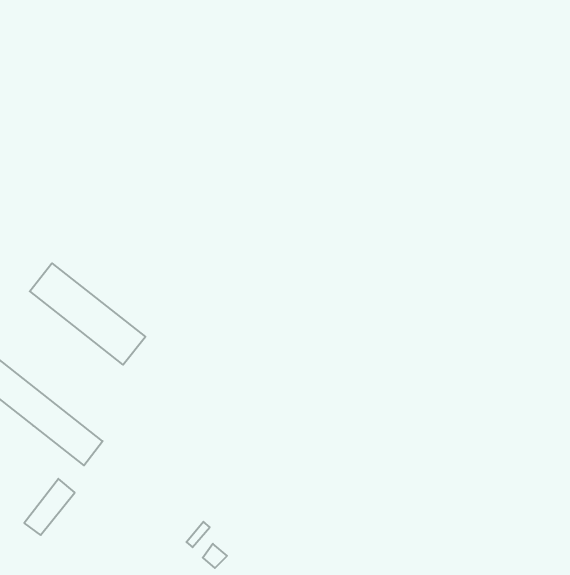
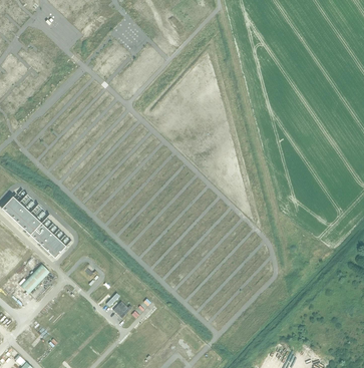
building: [30,263,145,365] -> none

